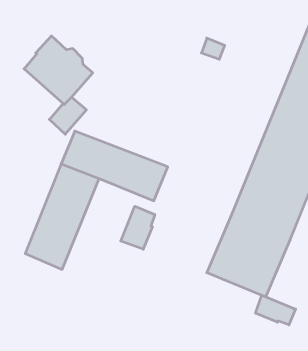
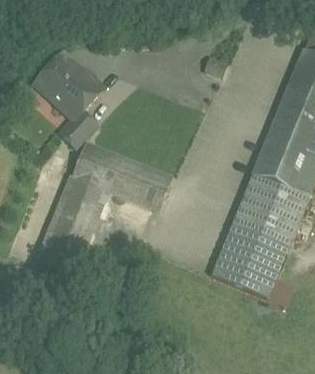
building: [121,206,155,249] -> none
building: [256,295,296,325] -> none

